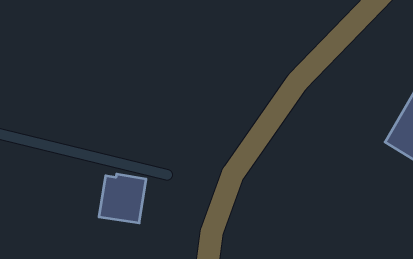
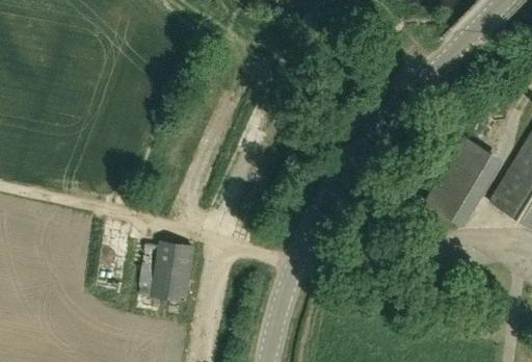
building: none -> [428,138,497,221]

